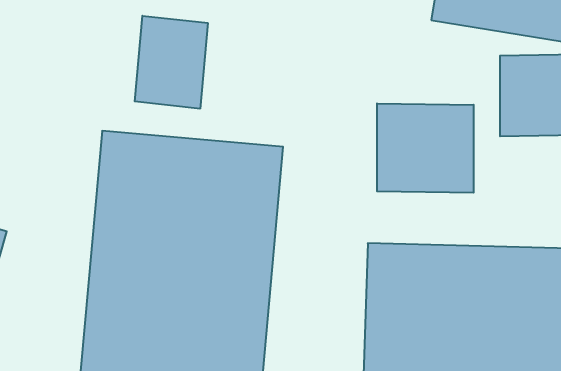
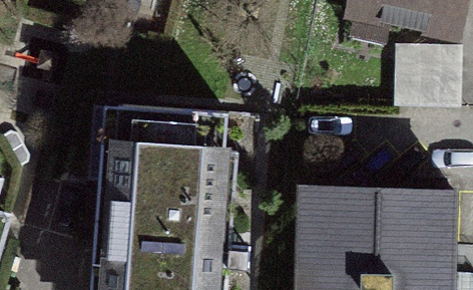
building: [135,16,208,109] -> none
building: [377,103,474,193] -> none

